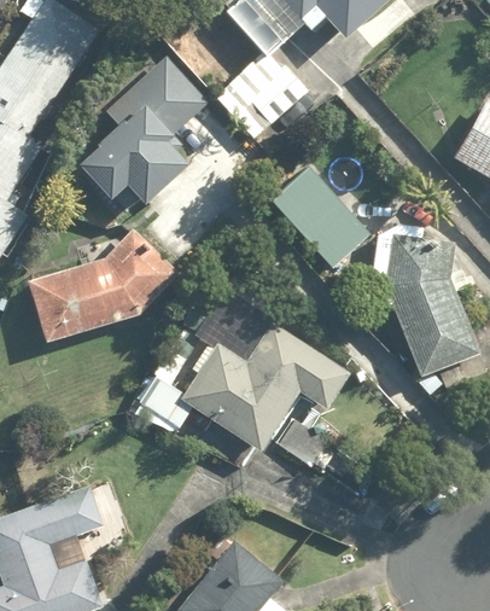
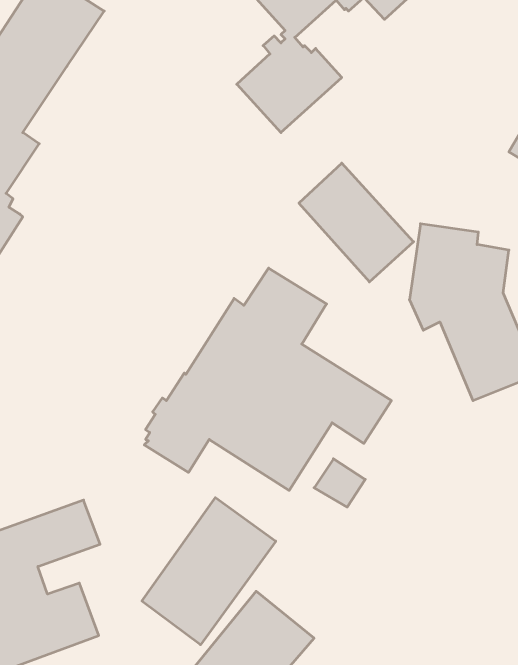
building: [69,54,208,197] -> none
building: [28,231,180,344] -> none
building: none -> [142,498,276,645]

